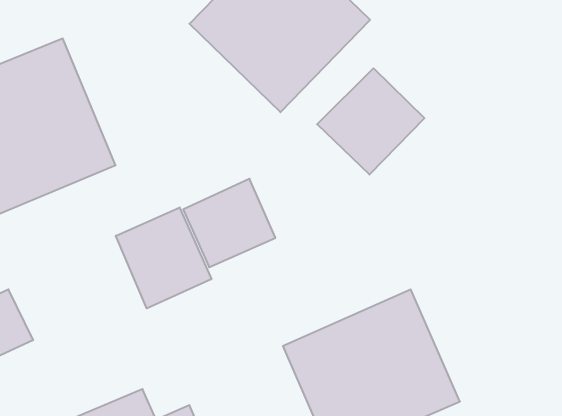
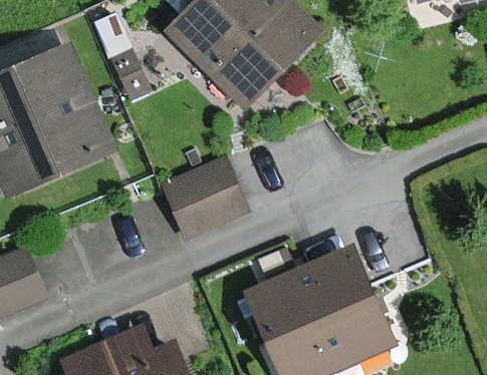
building: [317,68,424,175] -> none
building: [116,207,211,308] -> none

